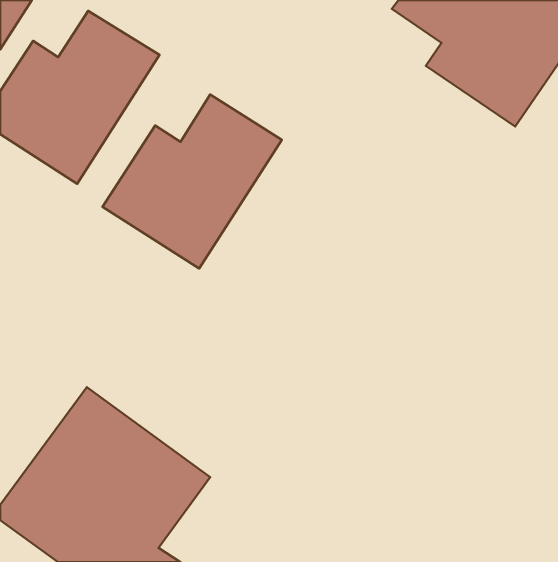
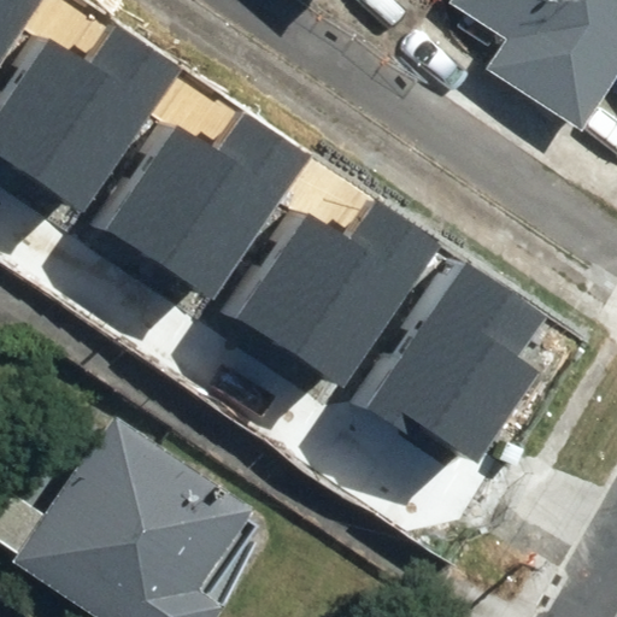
building: none -> [246,192,442,381]
building: none -> [371,266,545,462]

